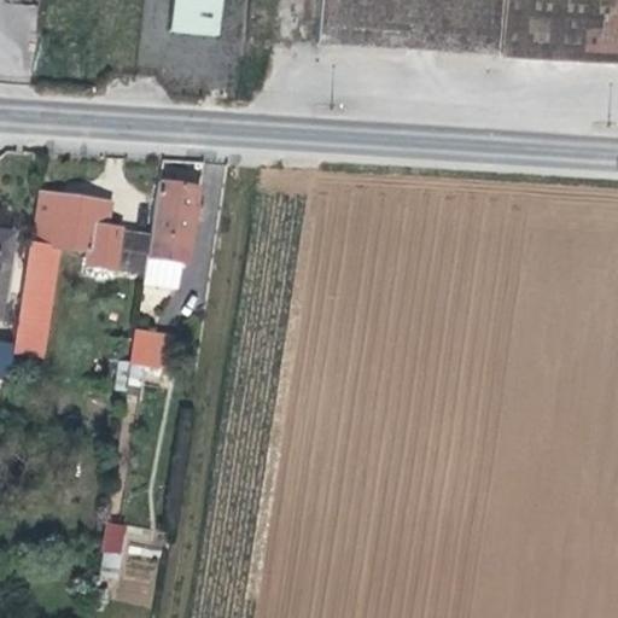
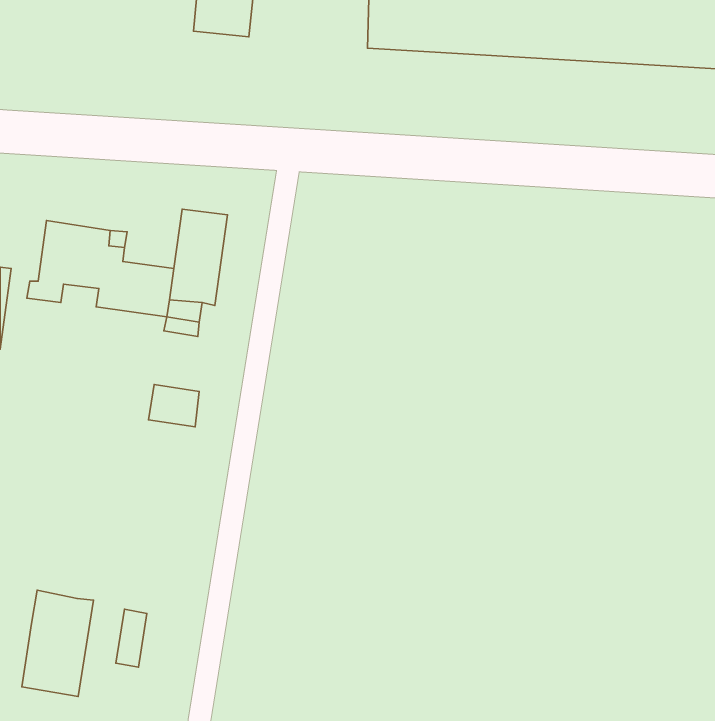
building: [14,255,58,355] -> none
building: none -> [22,590,94,697]

